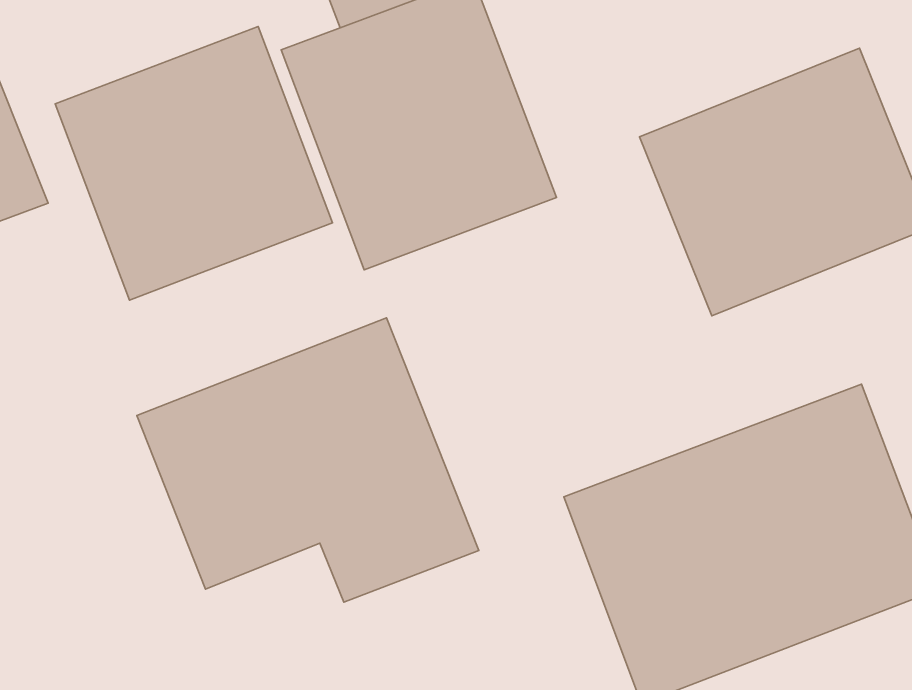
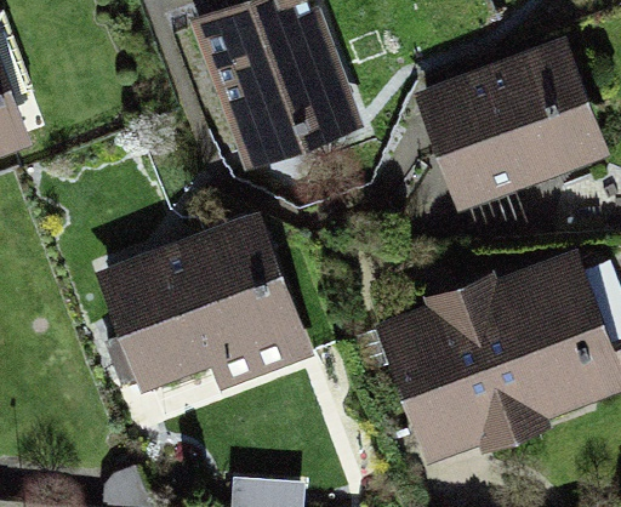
building: [55,26,333,300] -> none

